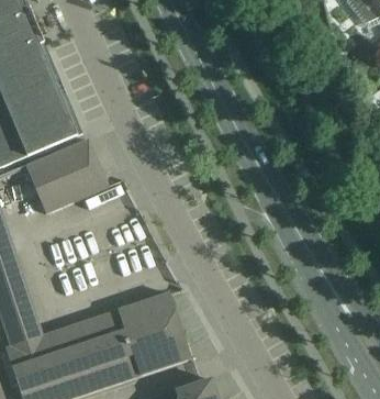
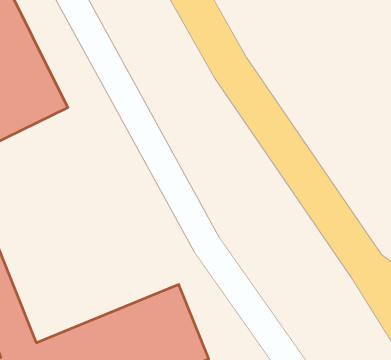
building: [25,140,108,213] -> none

